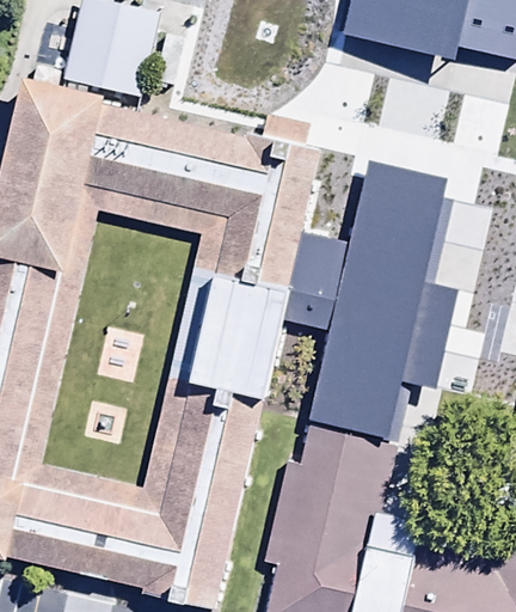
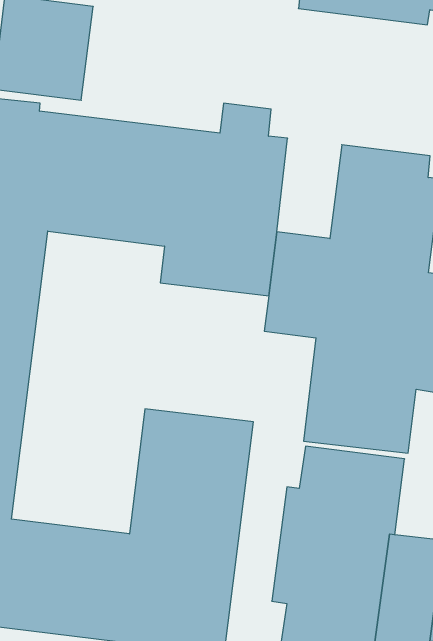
building: [168,267,289,399] -> none

